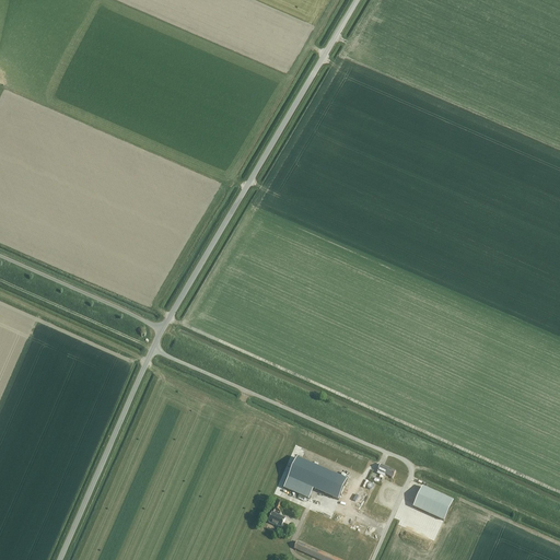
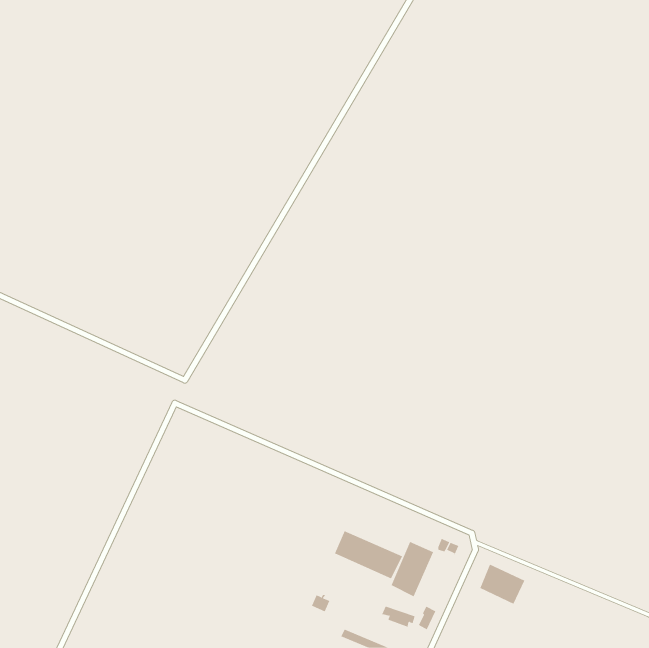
building: none -> [391,541,434,597]

